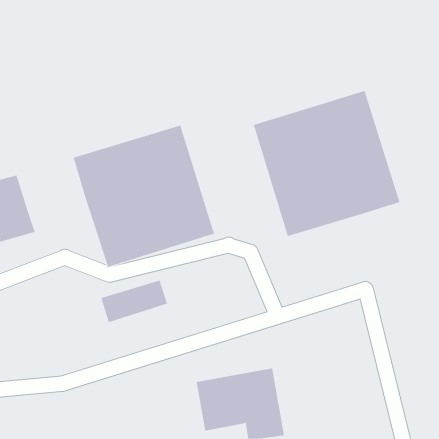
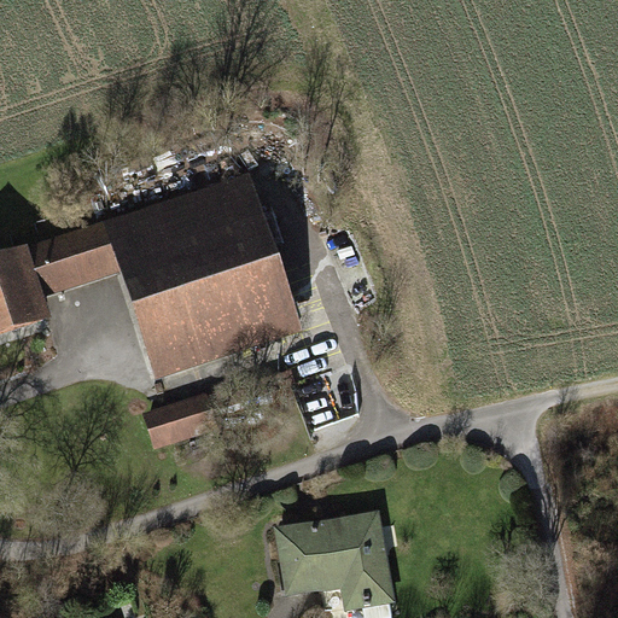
building: [253,90,400,237] -> none
building: none -> [24,220,117,295]

